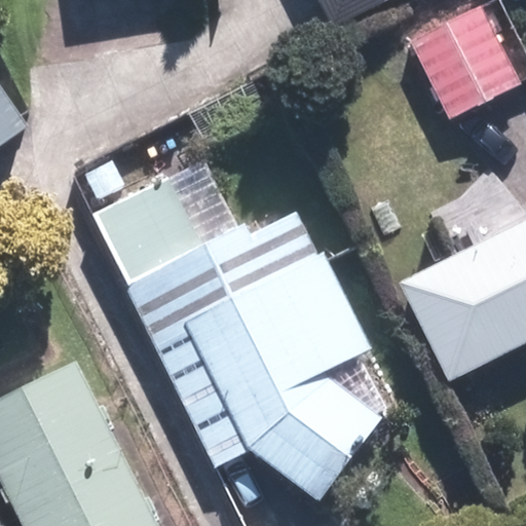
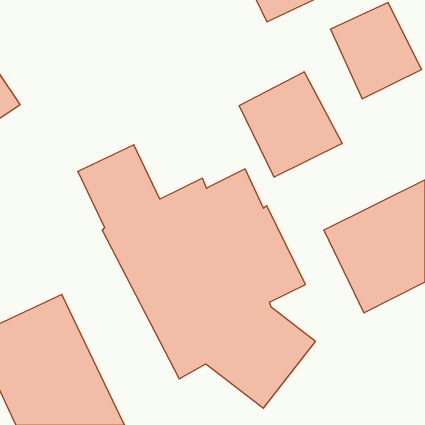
building: none -> [239,72,342,177]

